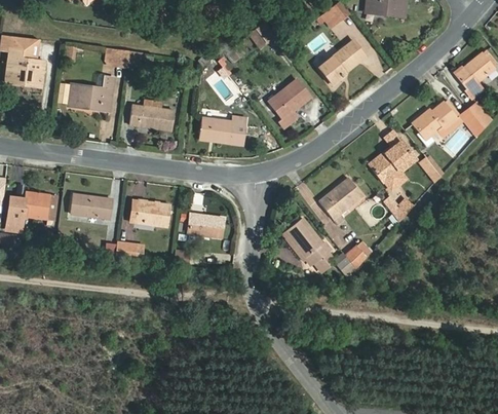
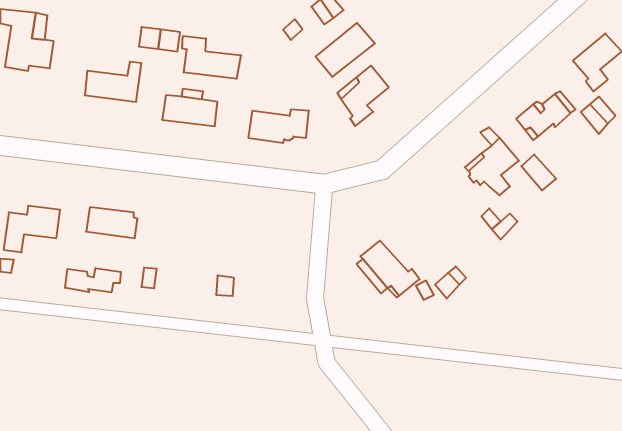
building: [317,41,365,84] -> [316,23,375,77]
building: none -> [182,36,241,79]
building: [318,179,362,220] -> none
building: [130,199,165,226] -> none
building: [187,214,221,238] -> none
building: none -> [65,268,121,292]

